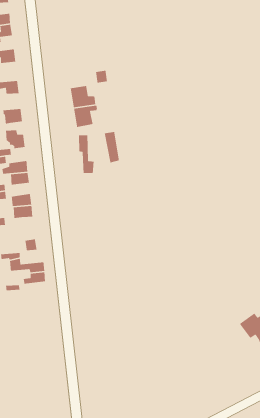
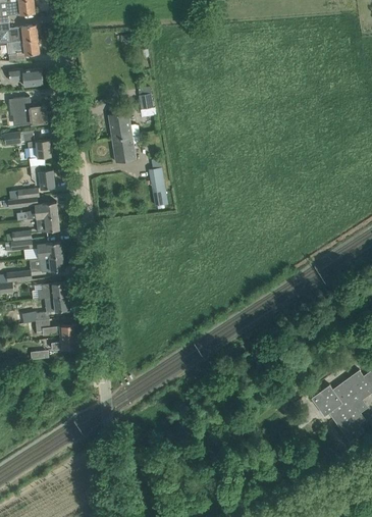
building: [78,134,95,174] -> none
building: none -> [38,281,66,299]

